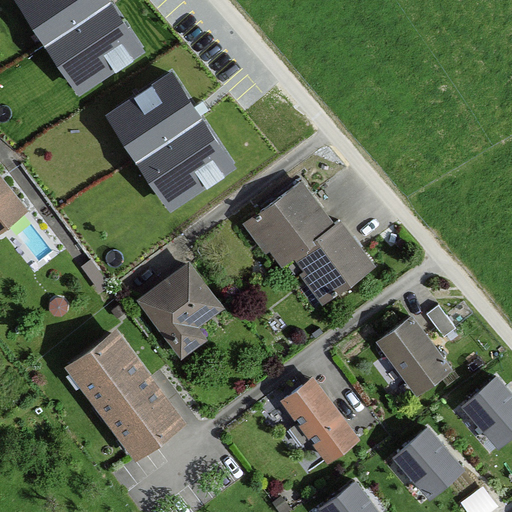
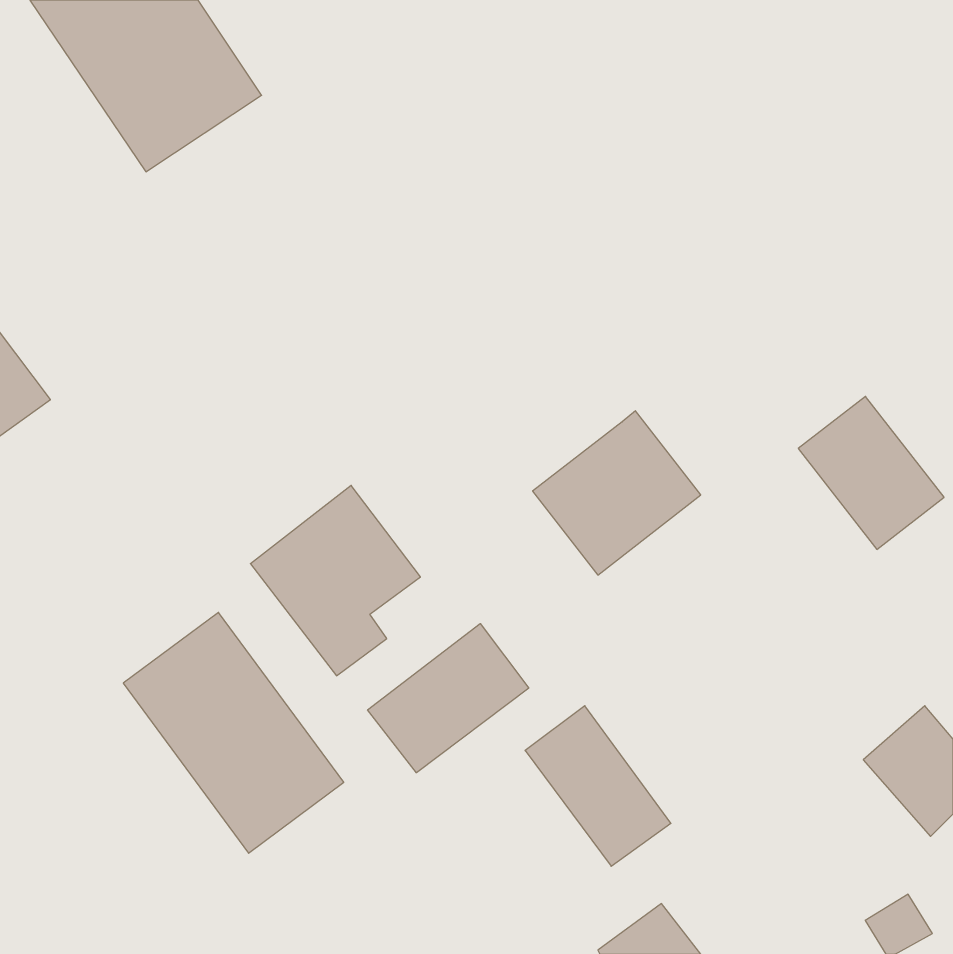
building: [107,74,233,210] -> none
building: [240,181,333,271] -> none
building: [375,315,453,397] -> [798,396,944,549]
building: none -> [368,624,529,773]
building: [394,430,462,498] -> none

